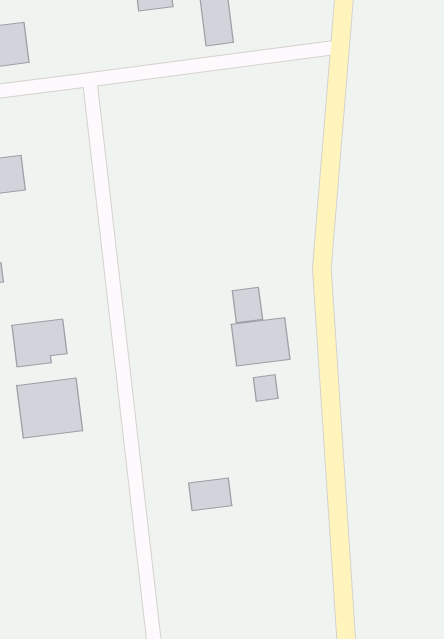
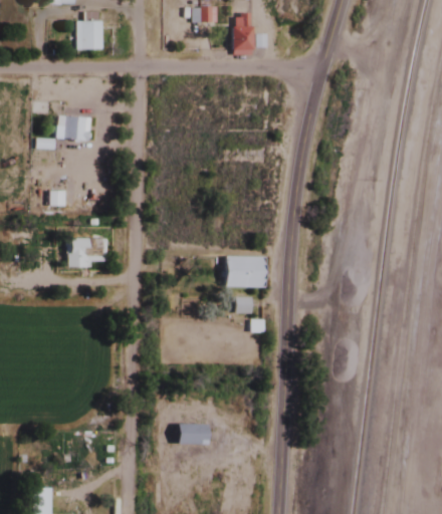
building: [233,287,262,323] -> none
building: [17,378,82,438] -> none
building: [189,478,232,511] -> [176,424,205,444]

